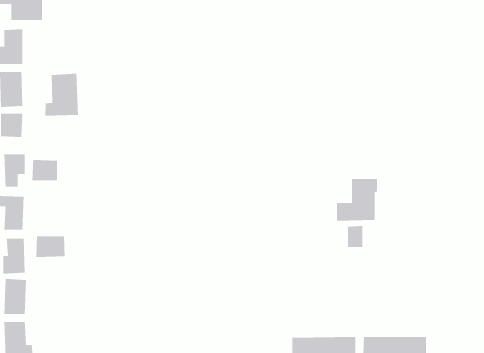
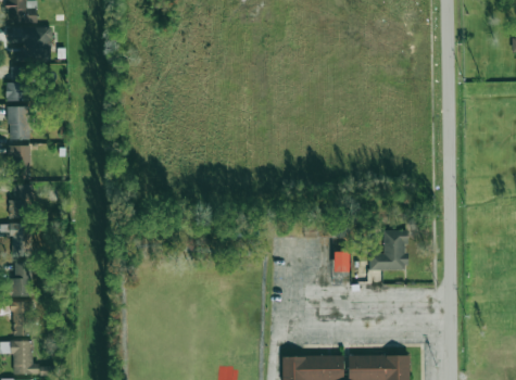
building: [45,73,78,117] -> none
building: [32,159,58,181] -> none
building: [336,178,378,221] -> [370,230,410,270]
building: [36,236,65,258] -> none

